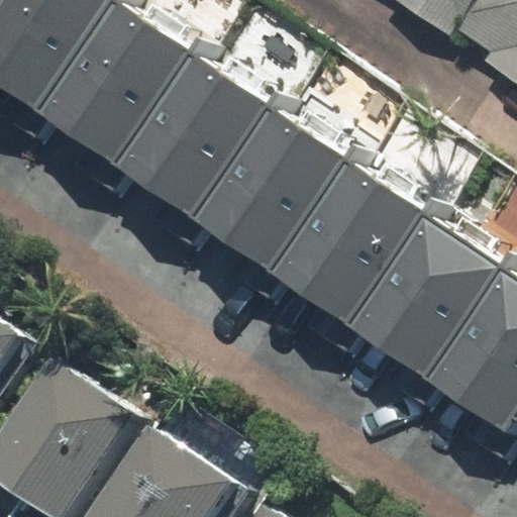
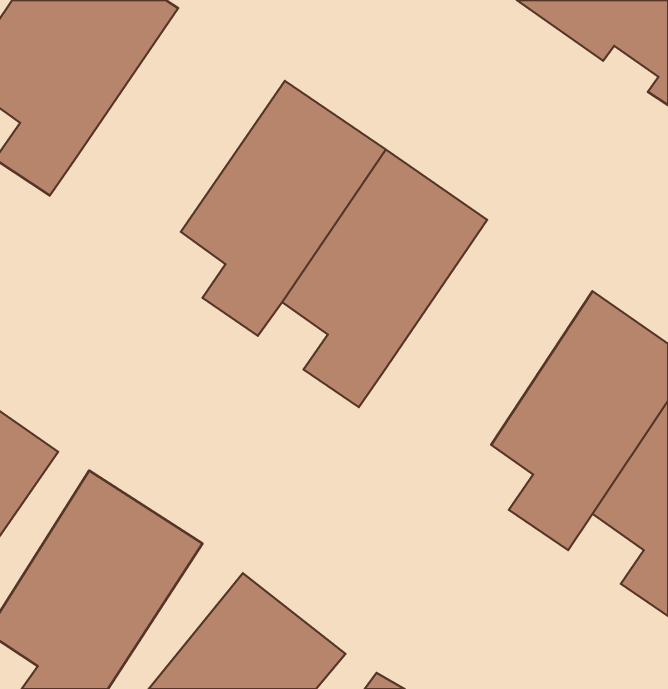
building: [56,6,213,193] -> none
building: [287,165,443,353] -> none

